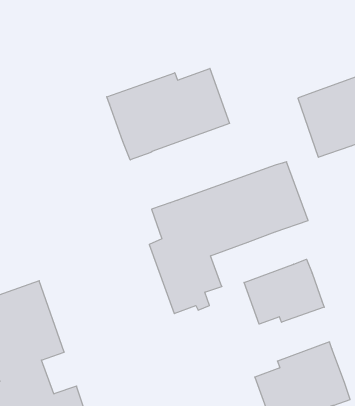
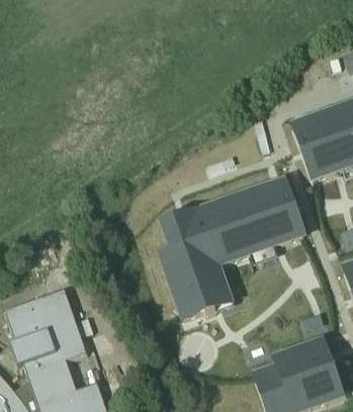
building: [107,68,230,160] -> none
building: [244,259,324,324] -> none

